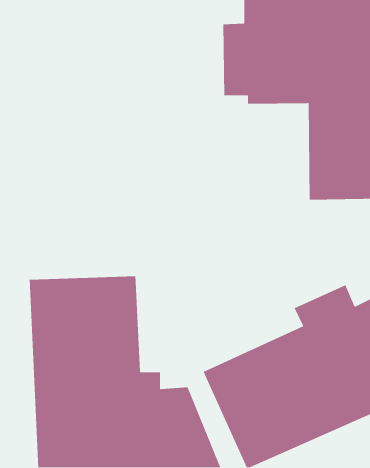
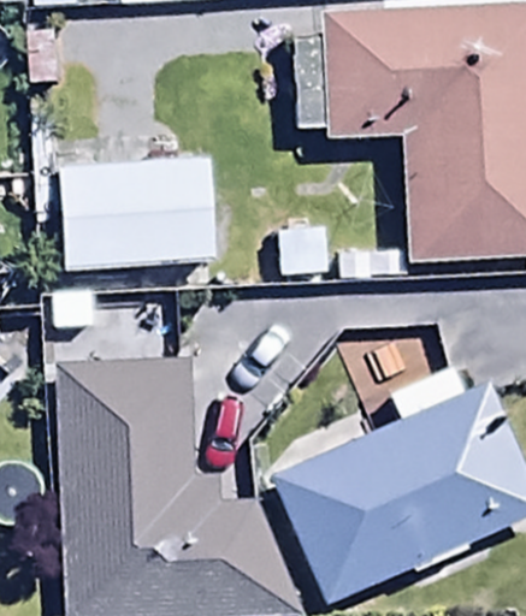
building: none -> [59,158,213,270]

